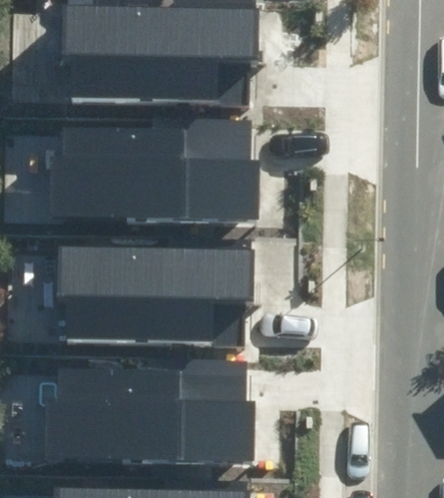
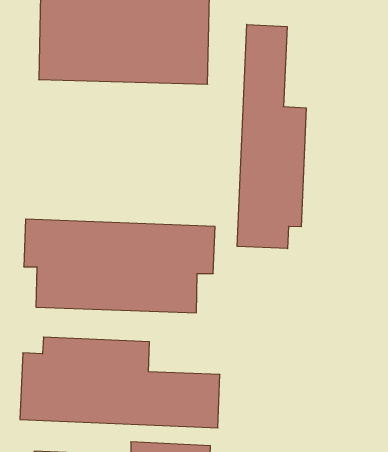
building: none -> [237,24,306,249]
building: [36,131,249,227] -> none

